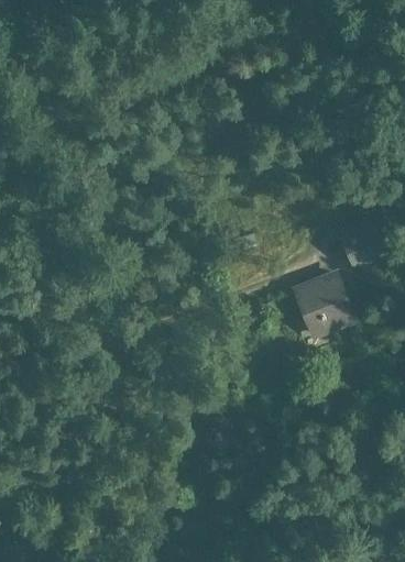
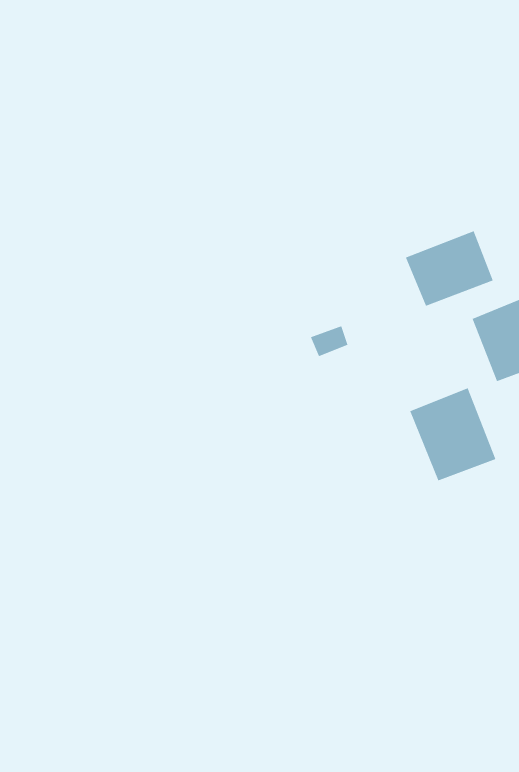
building: none -> [405,230,494,307]

